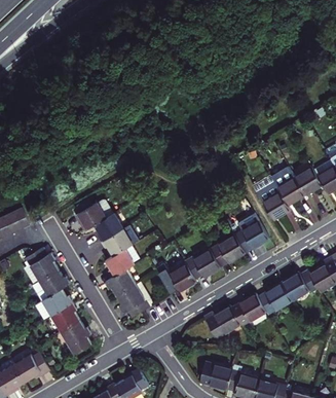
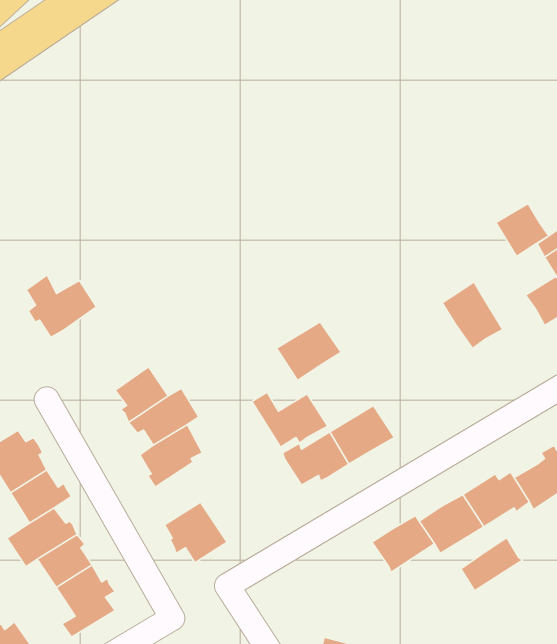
building: [291,166,320,194] -> [496,203,549,257]
building: [260,191,288,219] -> none
building: [72,197,110,231] -> [26,275,96,337]
building: [232,221,267,253] -> [277,322,341,381]
building: [154,263,195,293] -> [252,392,328,447]
building: [105,270,139,300] -> none
building: [203,306,240,338] -> none
building: none -> [461,538,522,591]

